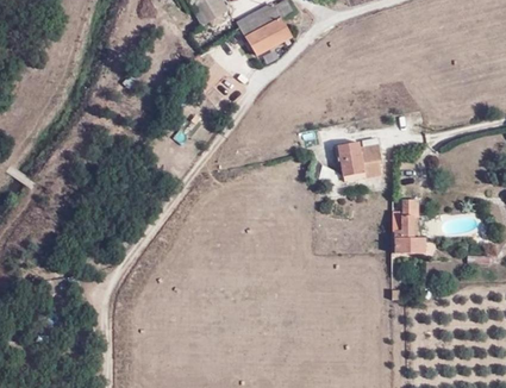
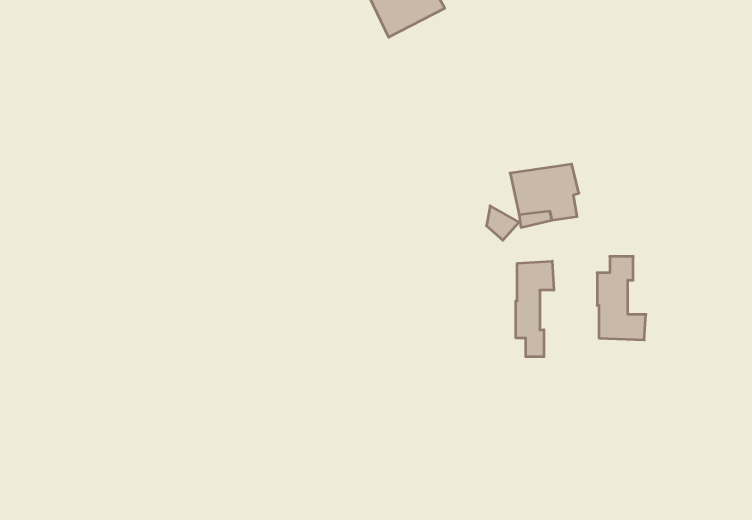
building: none -> [516,261,554,357]

